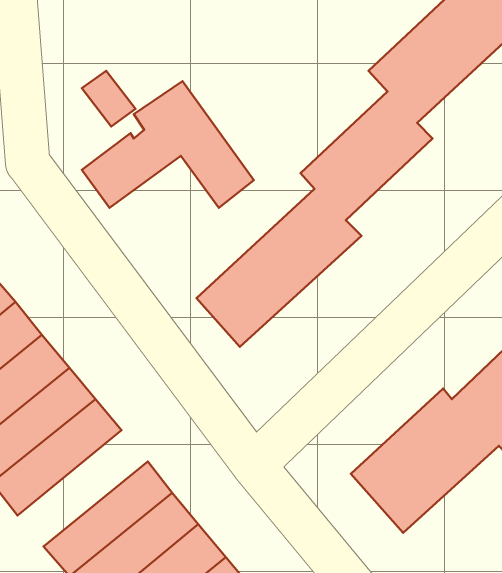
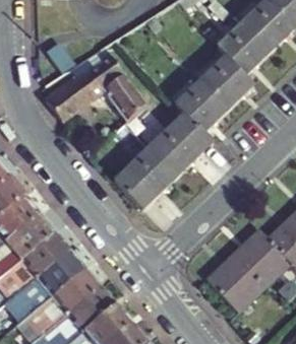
building: none -> [11,252,87,320]

